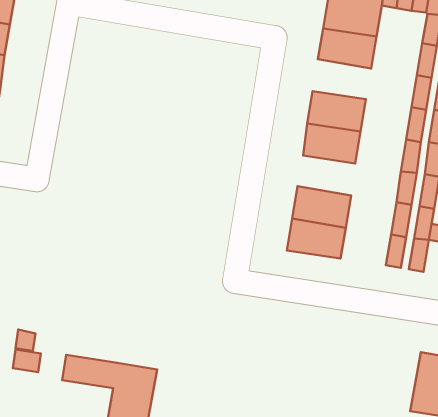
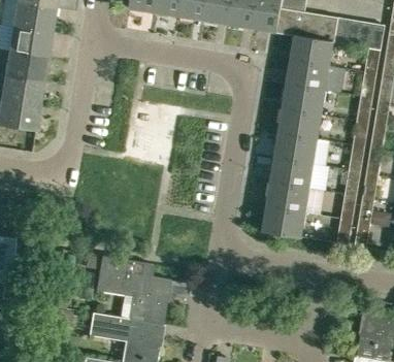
building: none -> [282,85,327,116]
building: none -> [270,159,315,190]
building: none -> [96,255,170,324]

